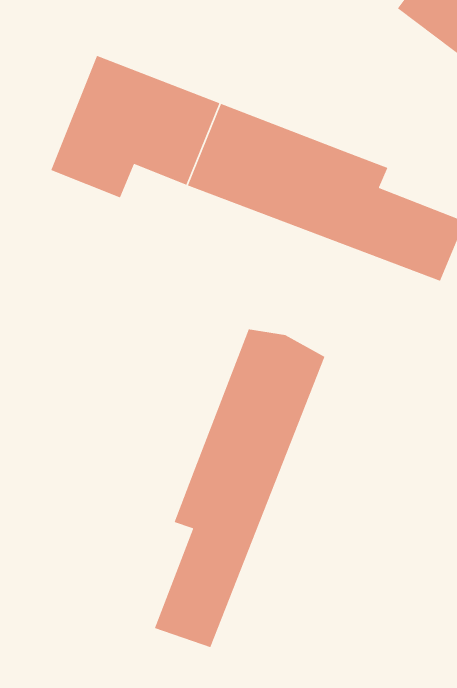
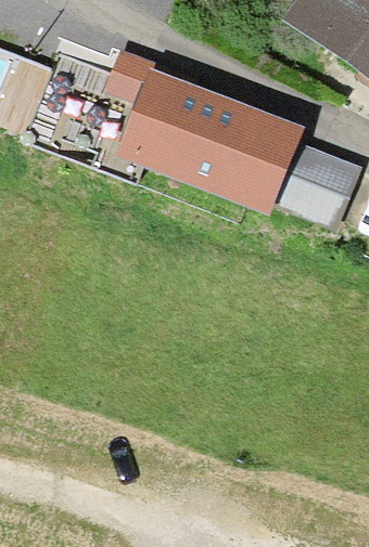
building: [154,329,326,648] -> none

